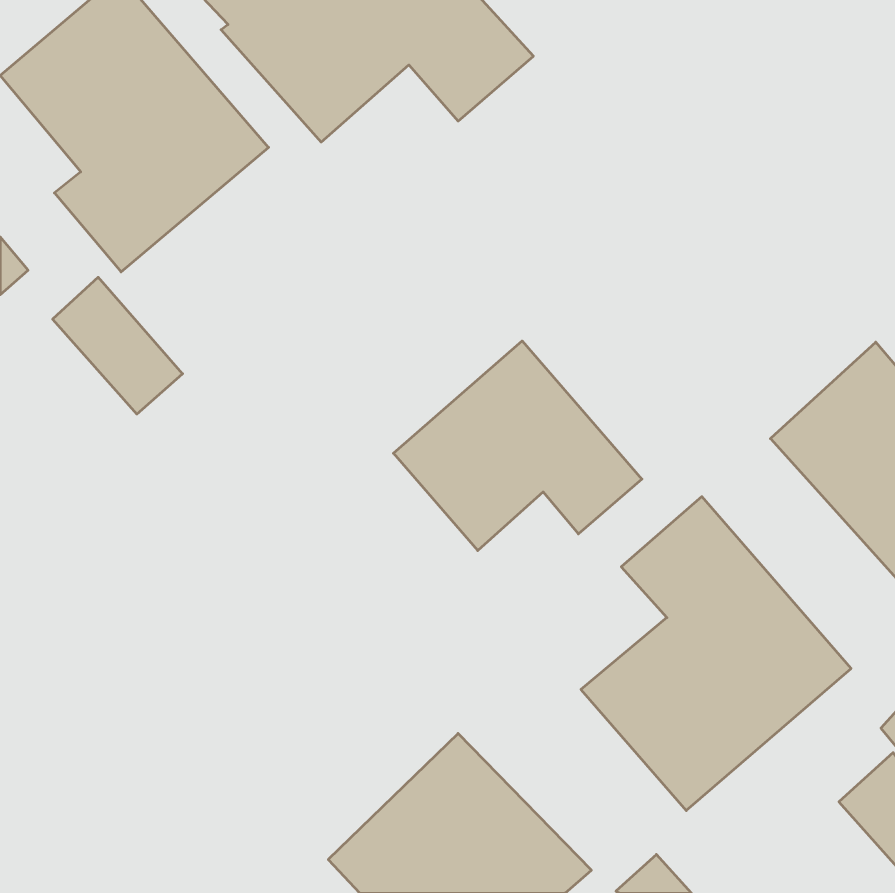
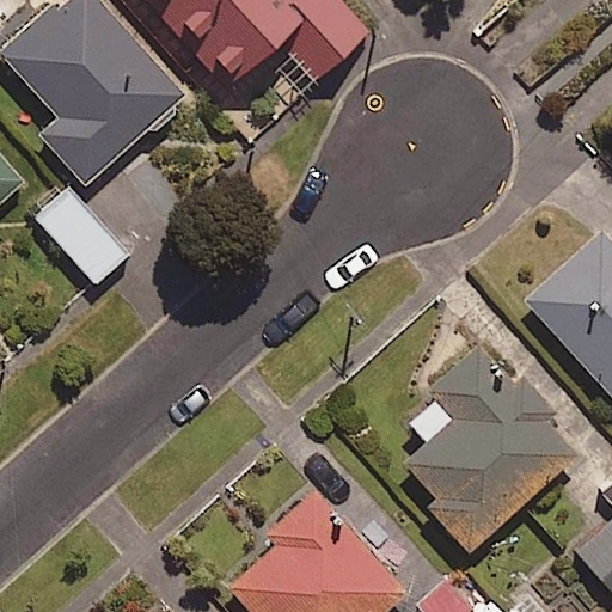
building: [393,341,642,551] -> none

